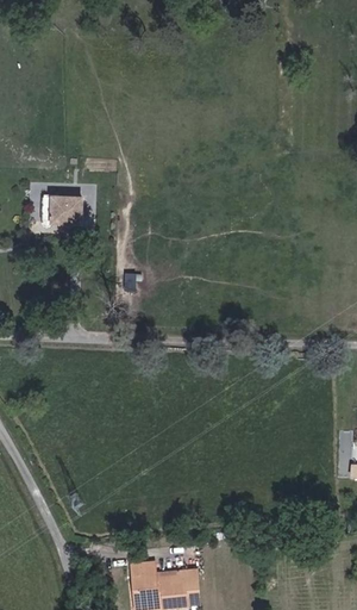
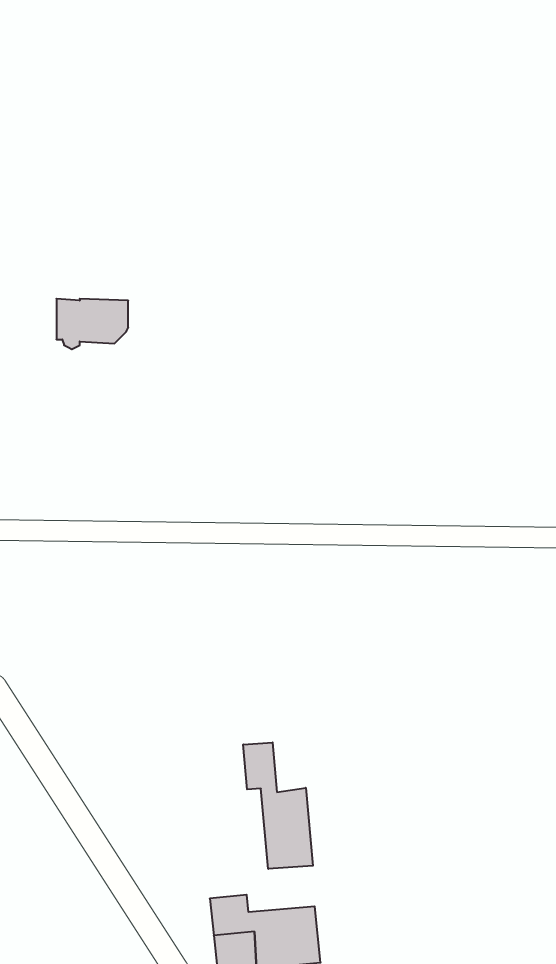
building: none -> [243,742,313,869]

